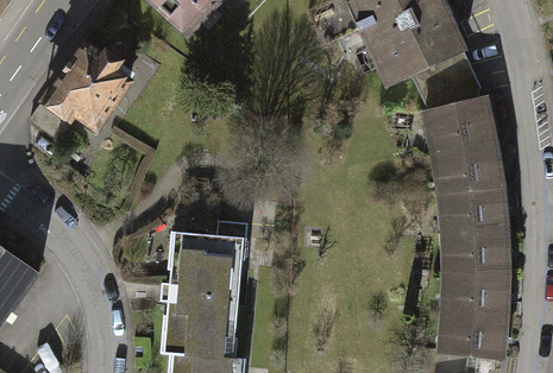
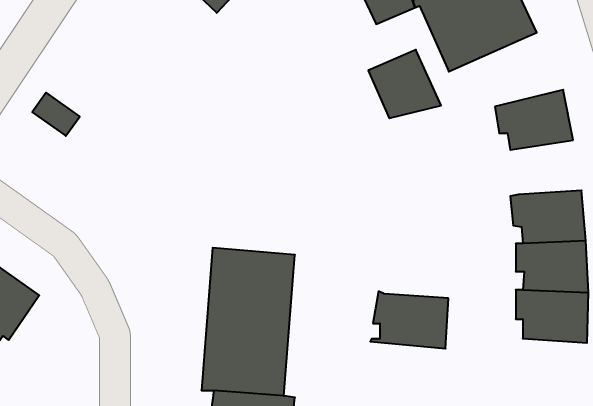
building: [49,42,131,127] -> none
building: [411,53,473,112] -> [368,50,441,118]
building: [432,141,498,188] -> none
building: [436,308,503,356] -> [370,291,448,349]

